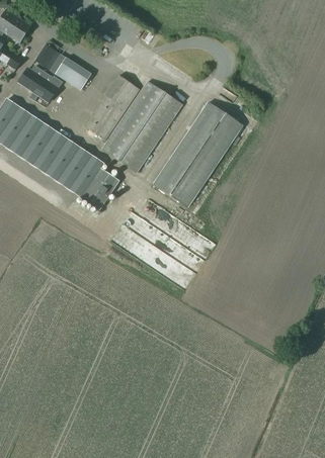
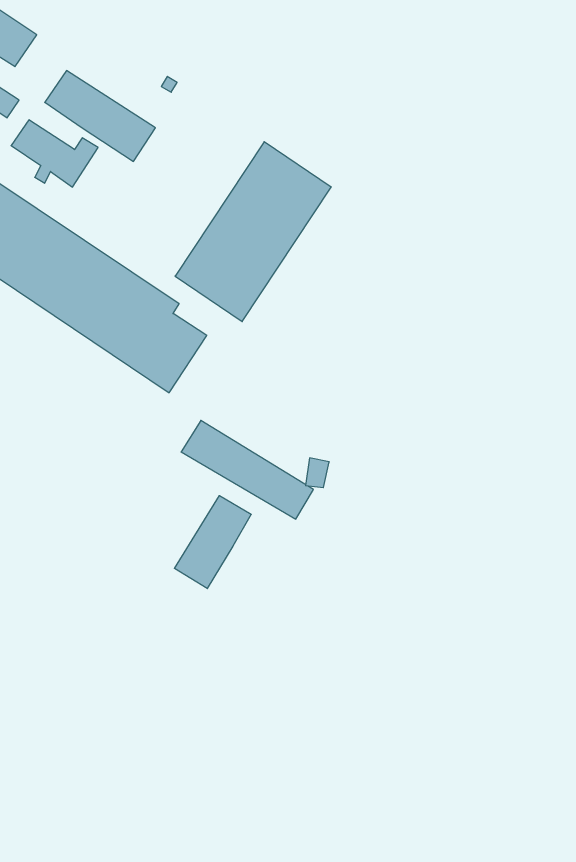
building: [84,75,139,140] -> none
building: [154,102,243,207] -> none
building: none -> [174,496,251,589]

